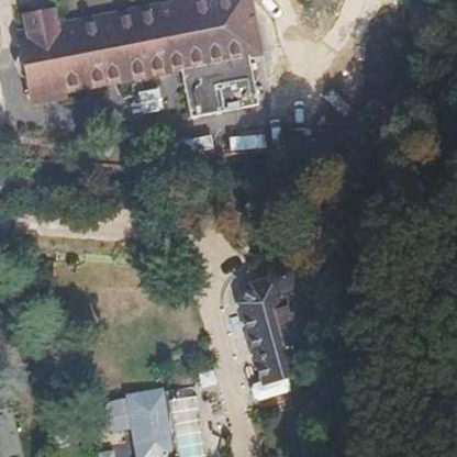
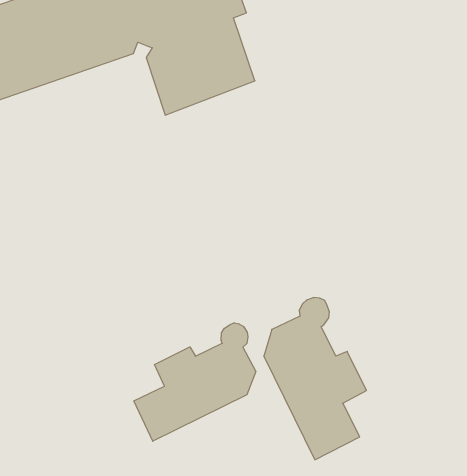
building: none -> [134,323,256,441]

